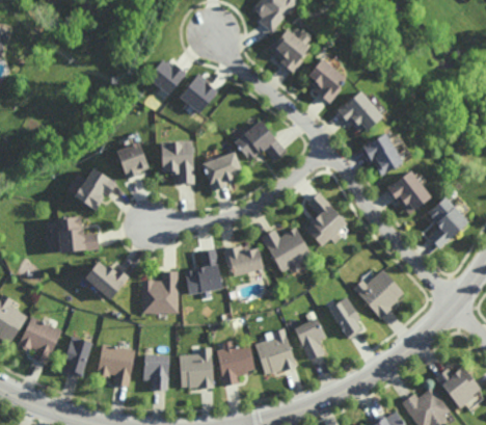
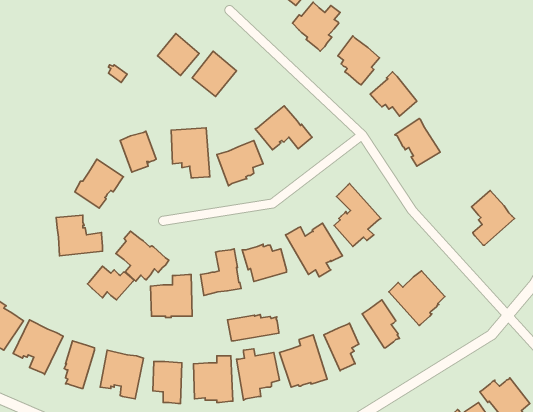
building: [385,171,429,214] -> none
building: none -> [116,231,169,281]
building: none -> [228,315,279,341]

